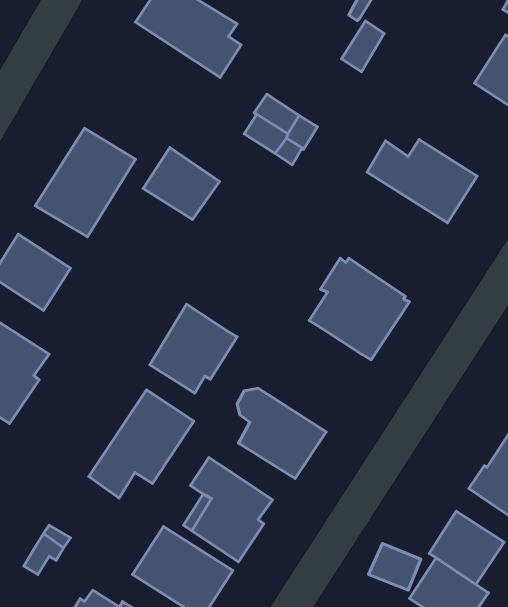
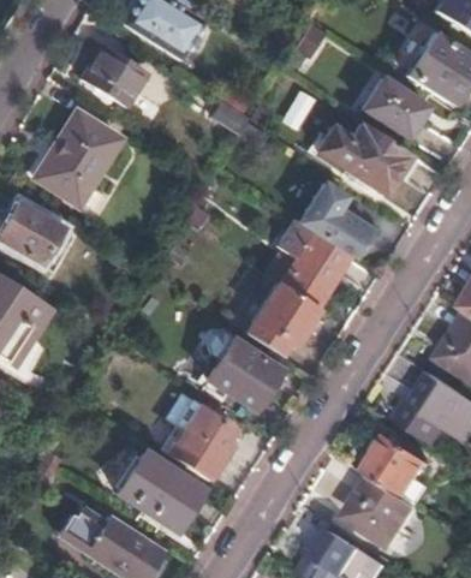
building: none -> [364,77,425,135]
building: [143,148,219,220] -> [81,46,145,107]
building: none -> [294,183,369,257]
building: [150,304,237,393] -> [244,281,318,357]
building: [89,390,194,498] -> none

